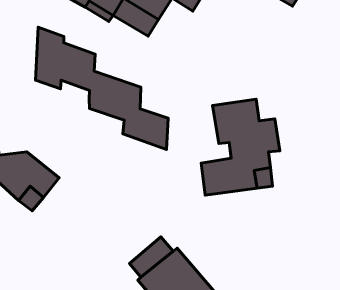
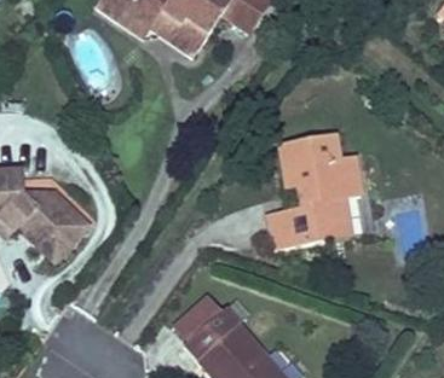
building: [36,27,168,150] -> none

